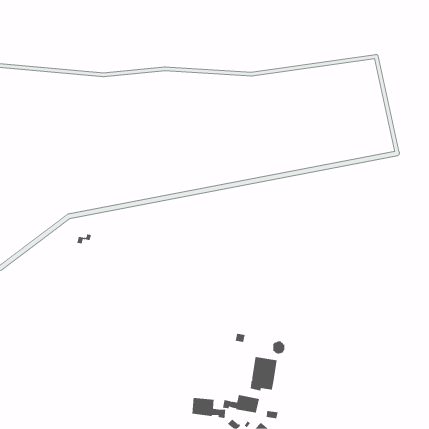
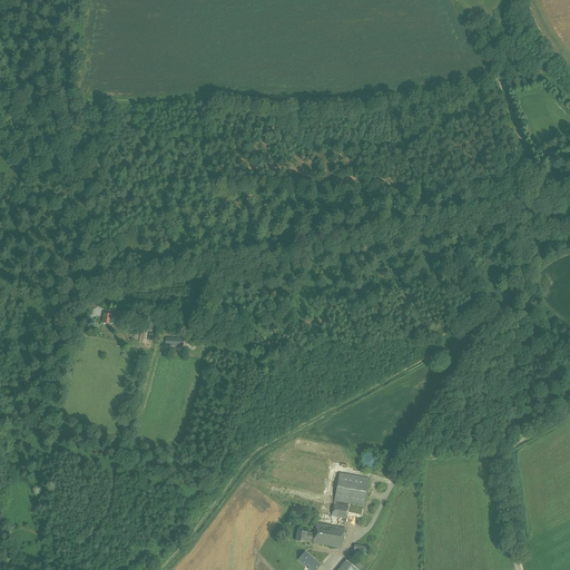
building: [192,397,226,419] -> none

